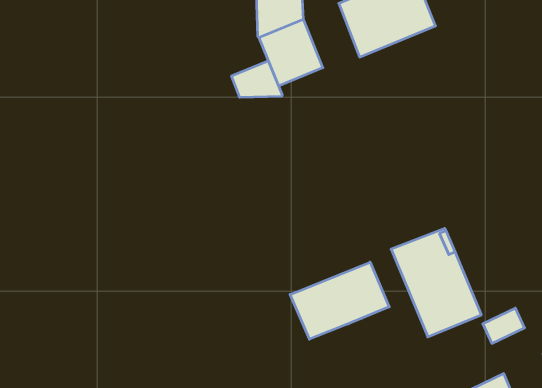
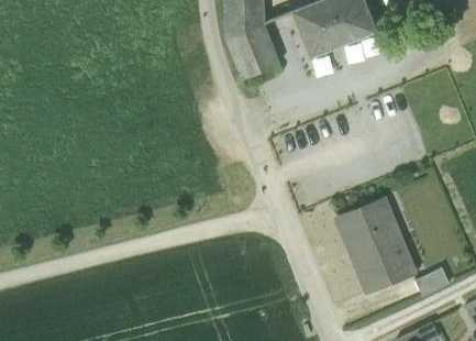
building: [232,61,282,97] -> none
building: [290,262,389,339] -> none

